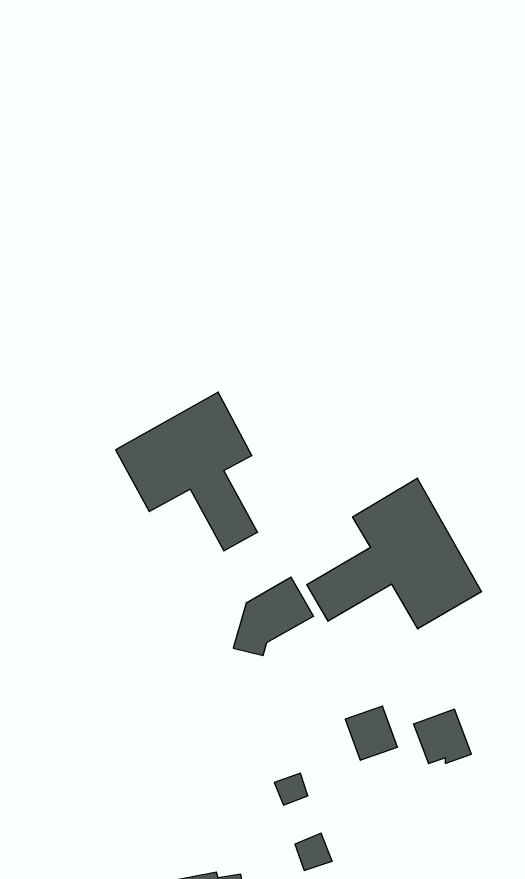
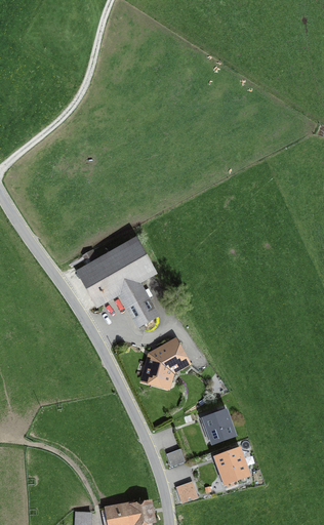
building: [307,478,482,629] -> none
building: [413,709,471,763] -> [215,448,247,478]

